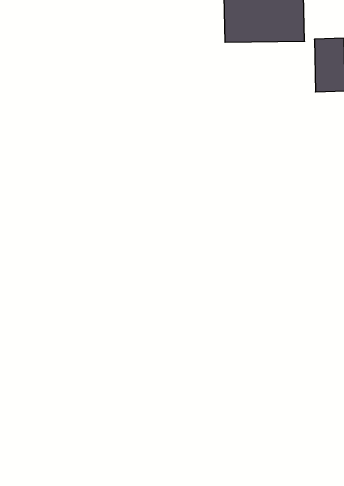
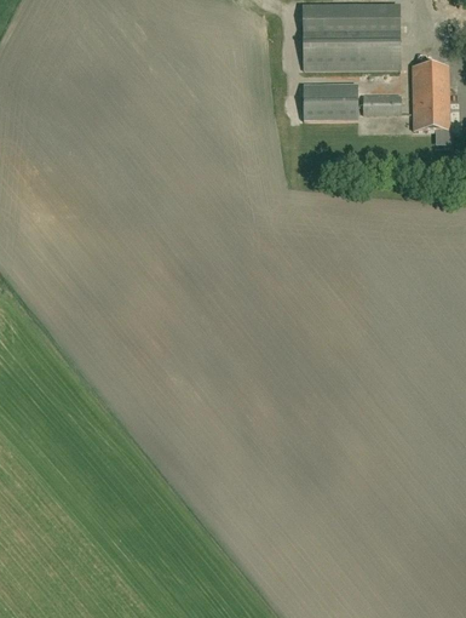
building: none -> [301,81,357,120]
building: none -> [362,95,401,113]

